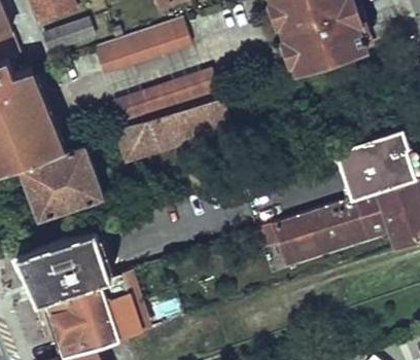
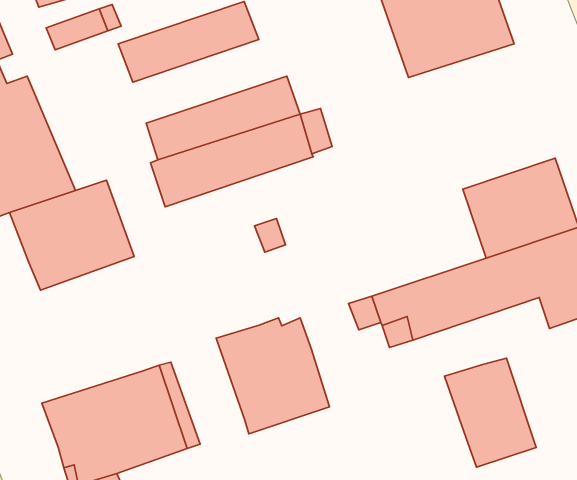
building: [13,228,109,301] -> none
building: none -> [216,318,329,434]
building: none -> [444,358,536,467]

